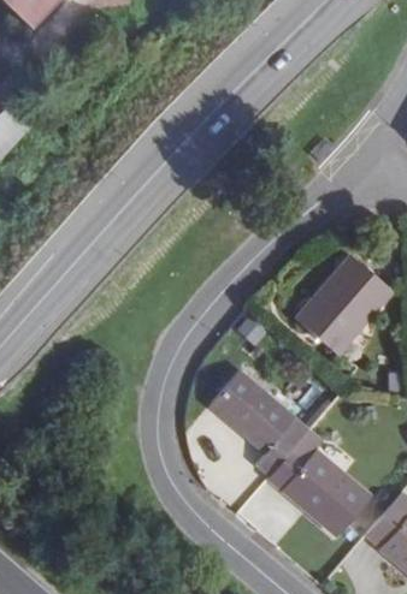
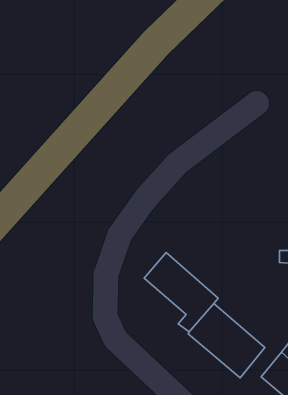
building: [296,257,390,355] -> none

